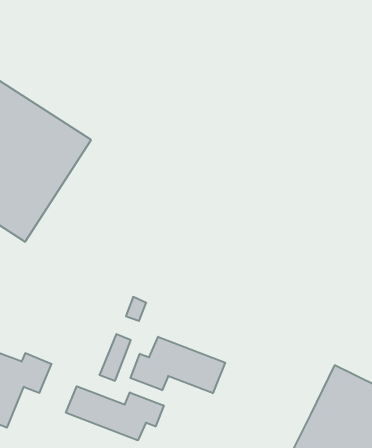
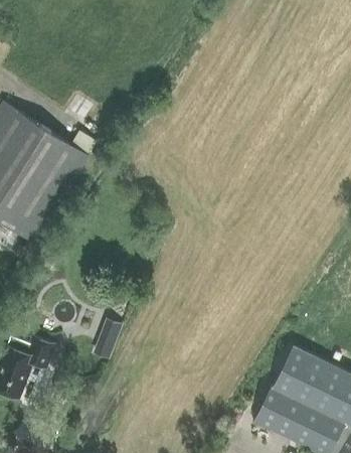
building: [130,337,225,393] -> none
building: [66,386,164,440] -> none

